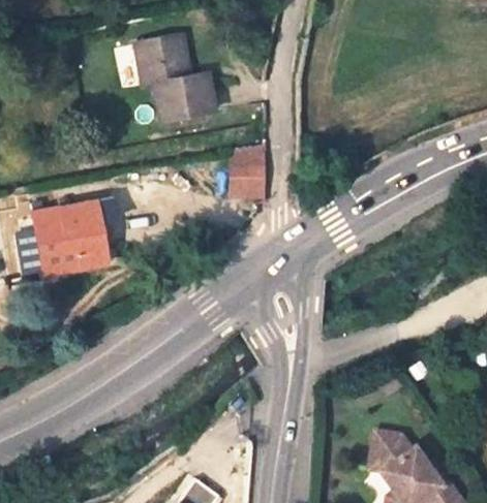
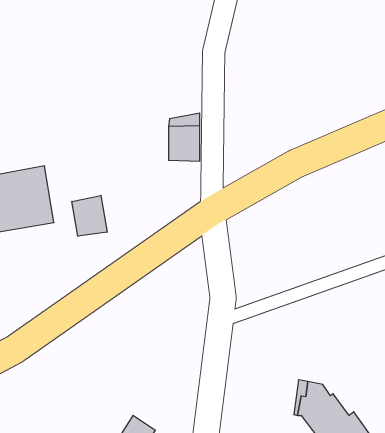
building: [136,34,214,119] -> none
building: none -> [72,195,107,236]

